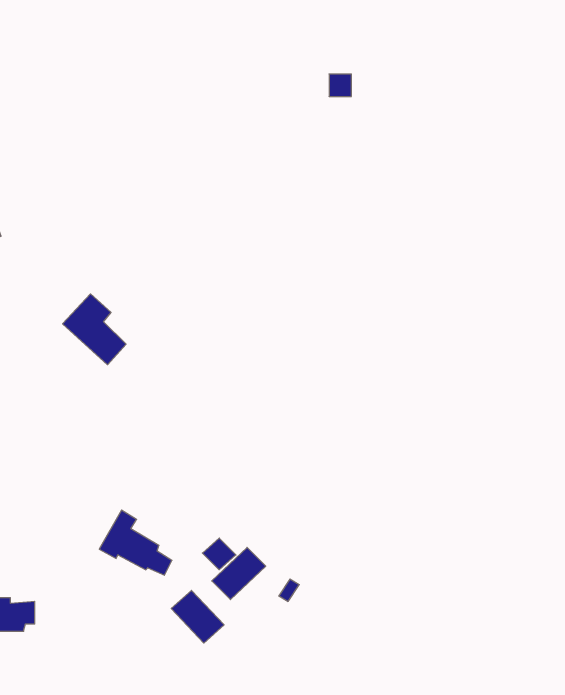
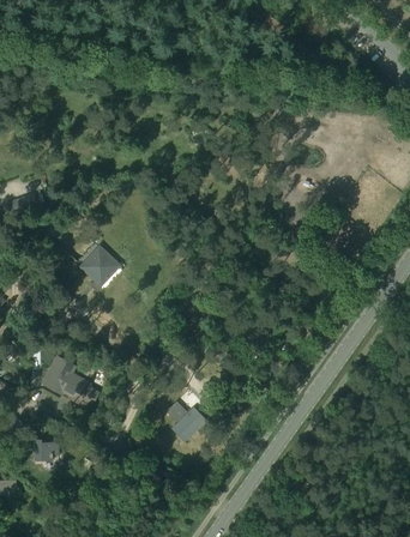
building: [99,510,172,575] -> [49,361,96,403]
building: [171,590,224,643] -> none

